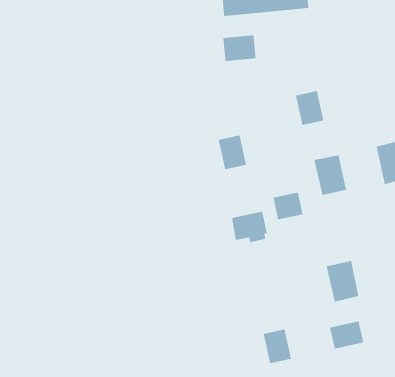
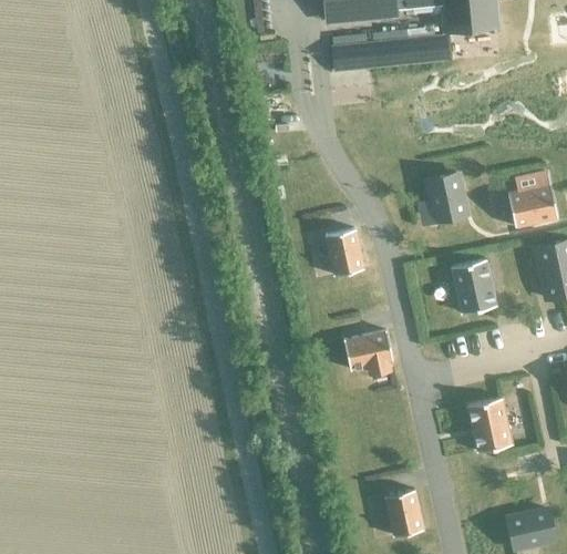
building: [223,34,256,62] -> none
building: none -> [505,172,555,225]
building: [273,192,303,220] -> none
building: [329,321,364,349] -> [508,507,555,545]

